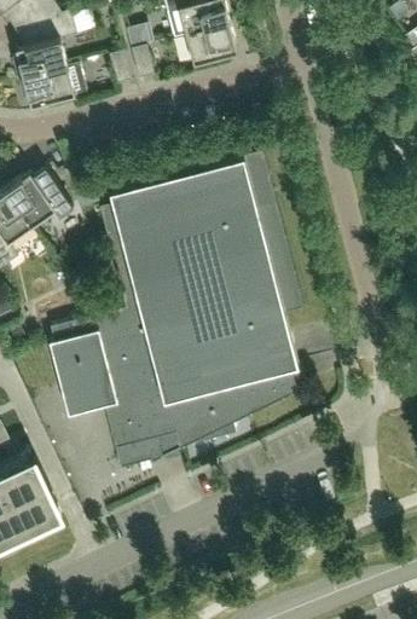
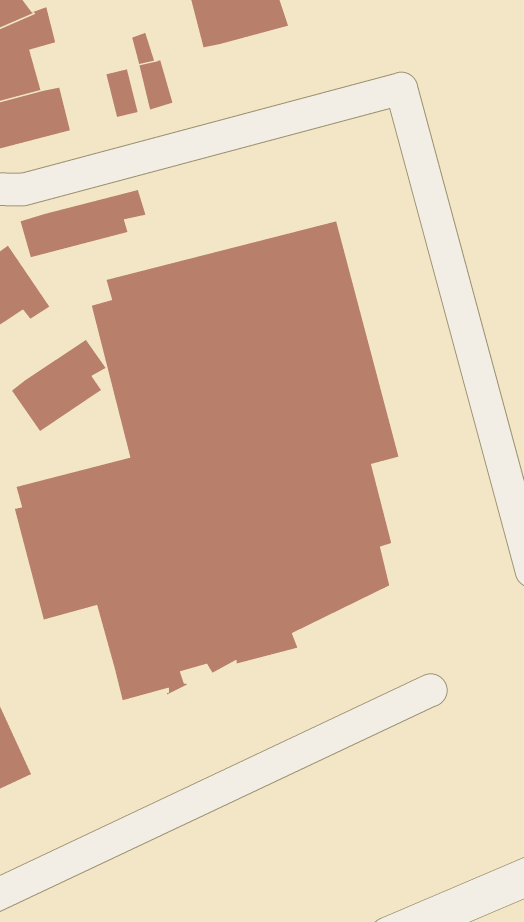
building: [186,24,236,65] -> none
building: none -> [20,189,147,258]
building: none -> [11,339,107,432]

